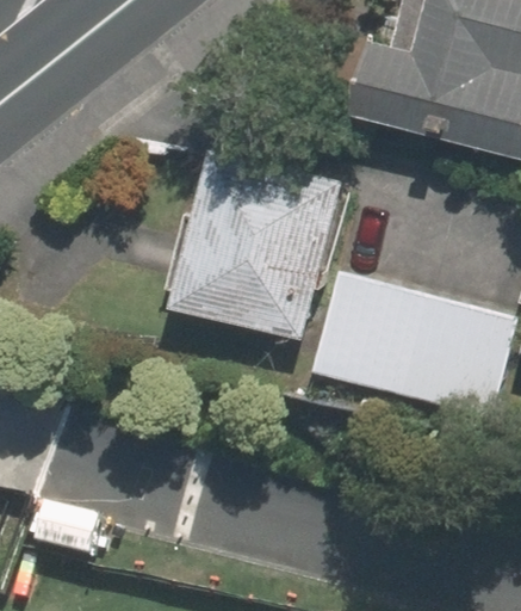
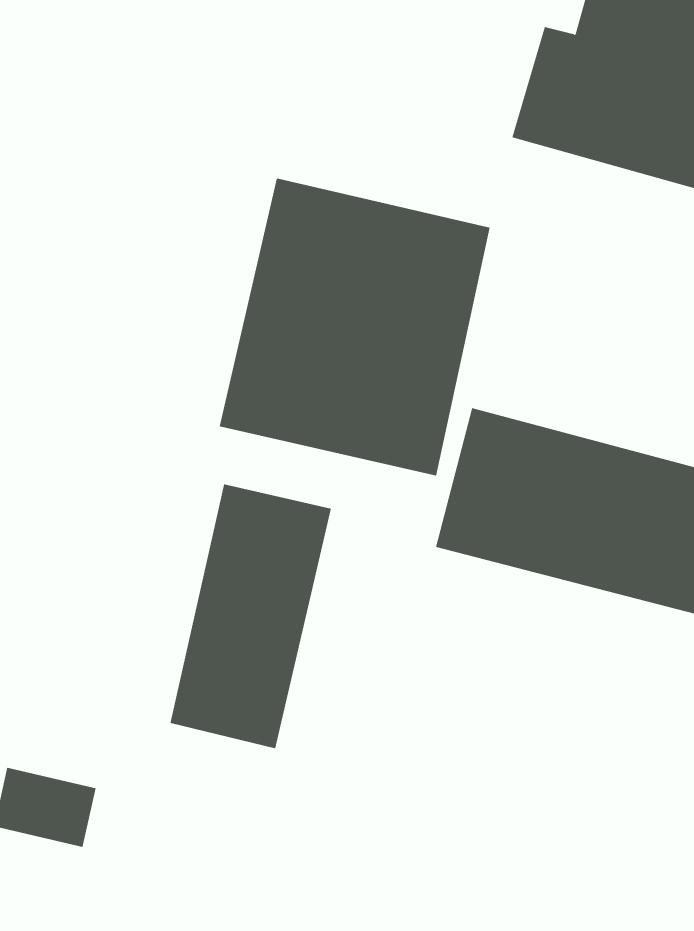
building: none -> [170,484,331,749]

